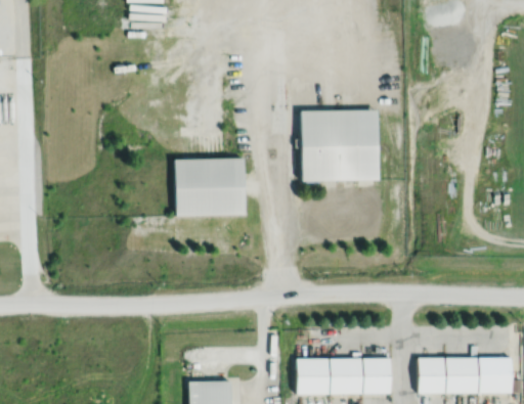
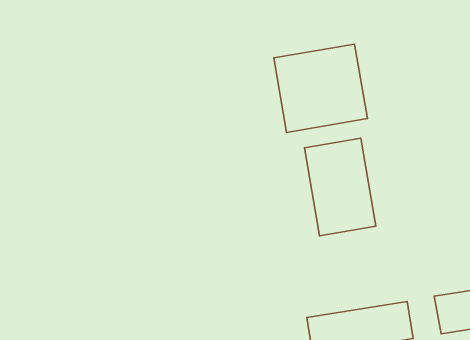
building: [175,161,246,219] -> none
building: none -> [305,138,376,236]

